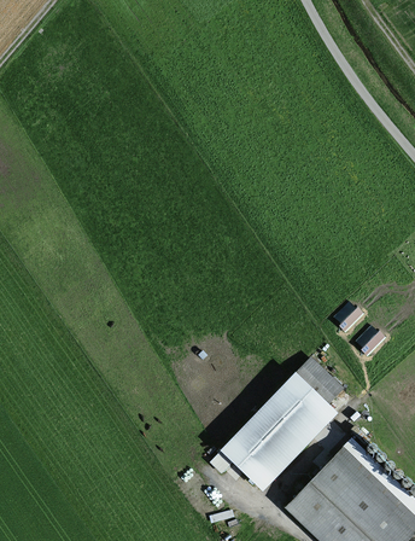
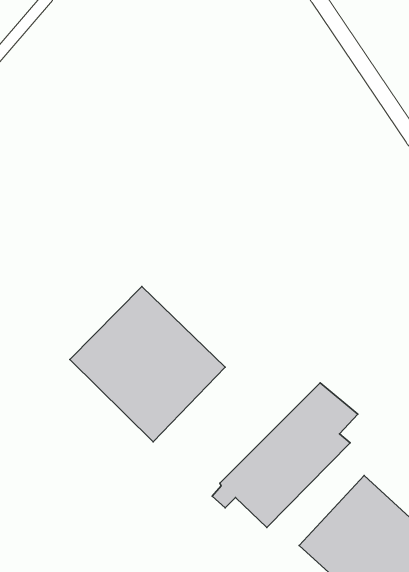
building: none -> [70,286,225,442]

